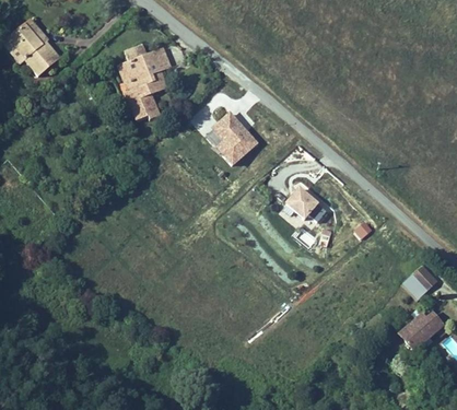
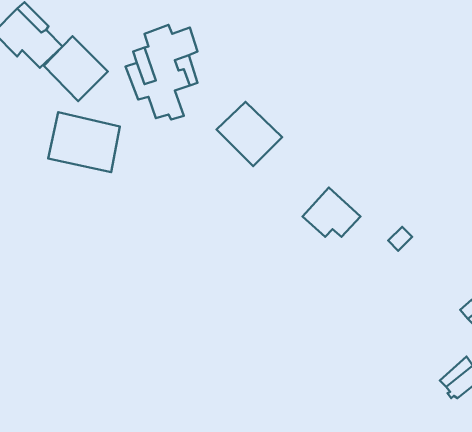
building: none -> [44,36,108,101]
building: none -> [48,112,120,172]

